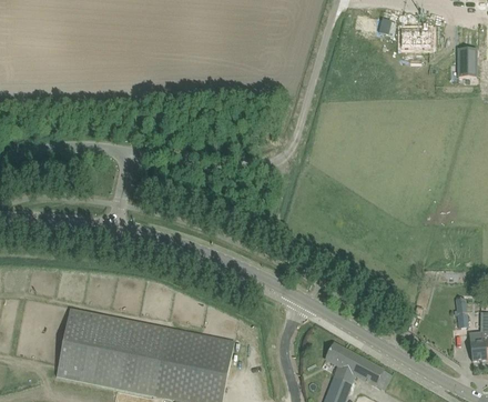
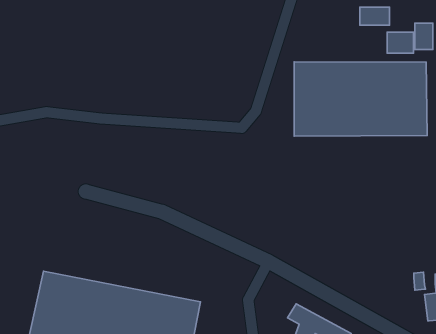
building: none -> [387,32,413,53]
building: none -> [294,62,427,136]

